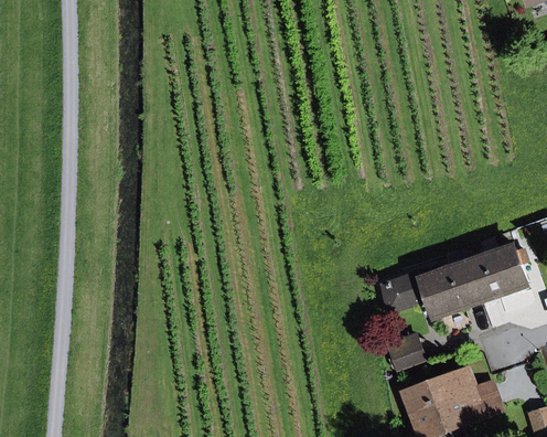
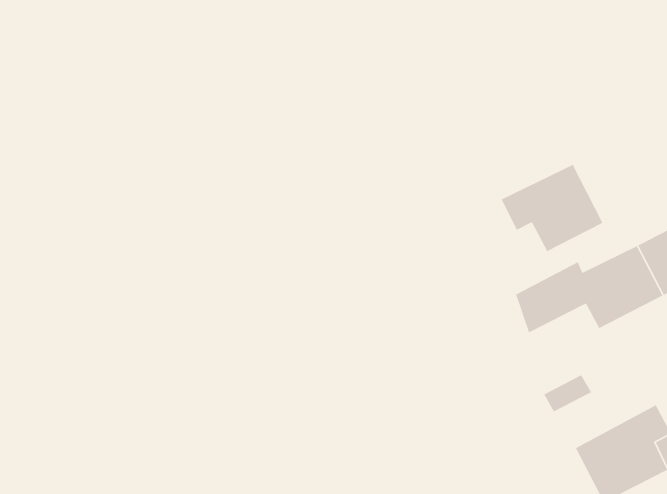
building: none -> [501,164,603,252]

